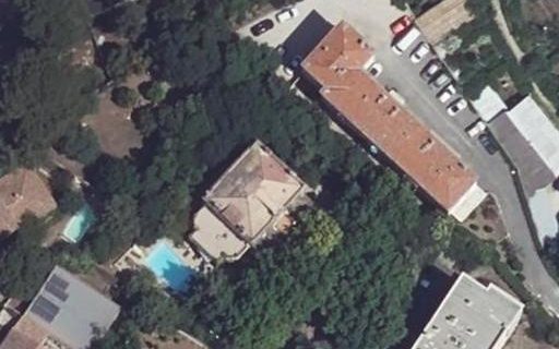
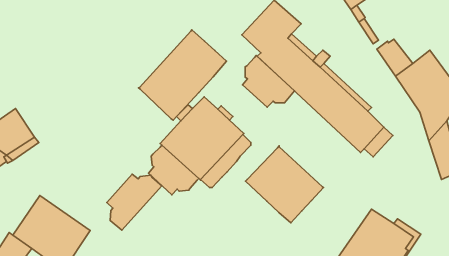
building: none -> [139,30,227,120]
building: none -> [242,56,294,107]
building: none -> [246,146,323,223]
building: none -> [107,174,162,230]

